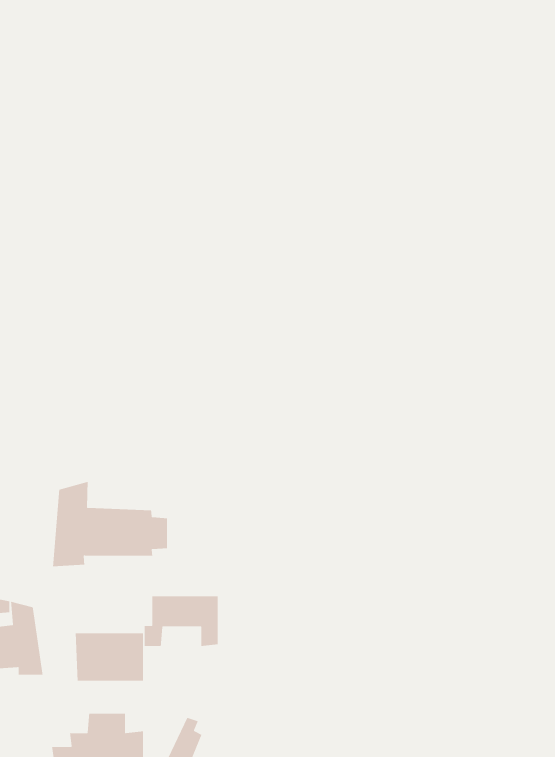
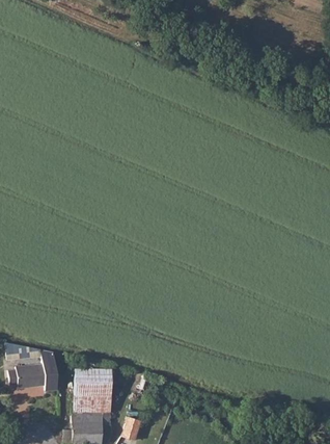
building: [52,481,168,567] -> none
building: [144,596,218,647] -> [72,395,111,422]

